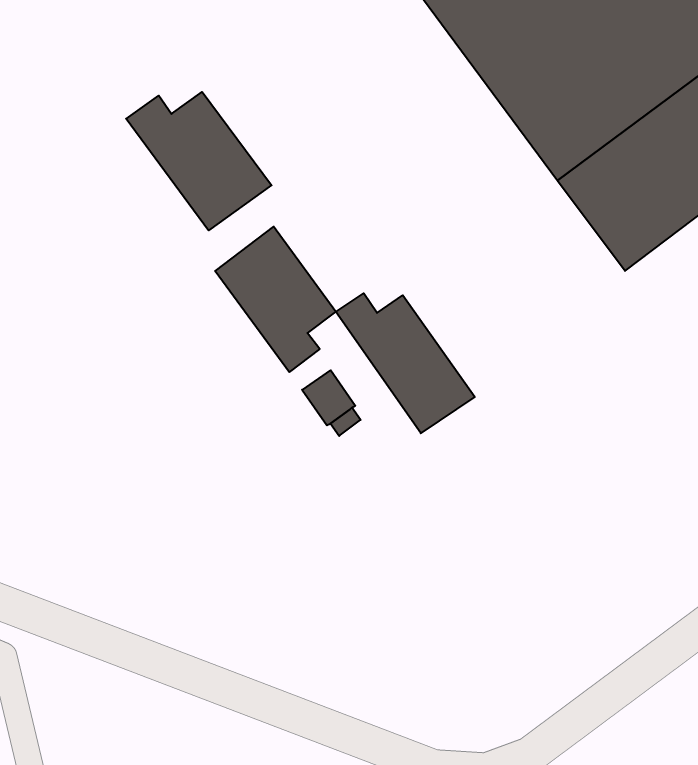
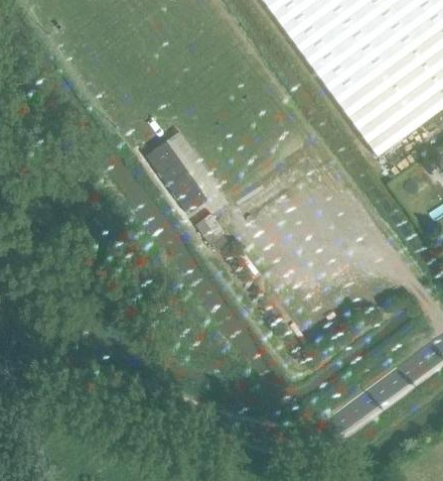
building: [126,92,272,230] -> none
building: [336,293,475,433] -> none

